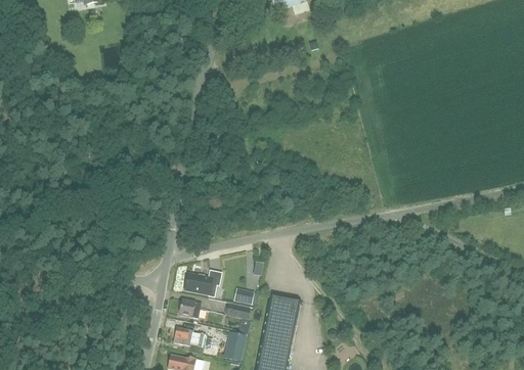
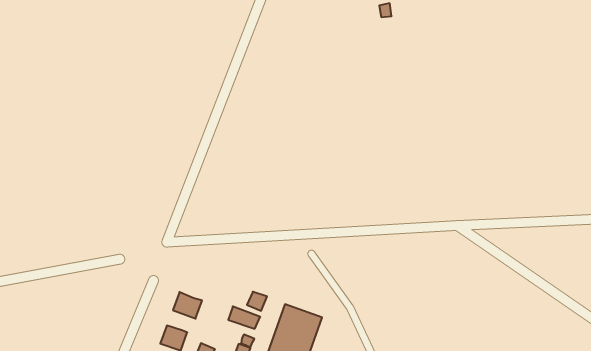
building: [183,270,221,293] -> none

